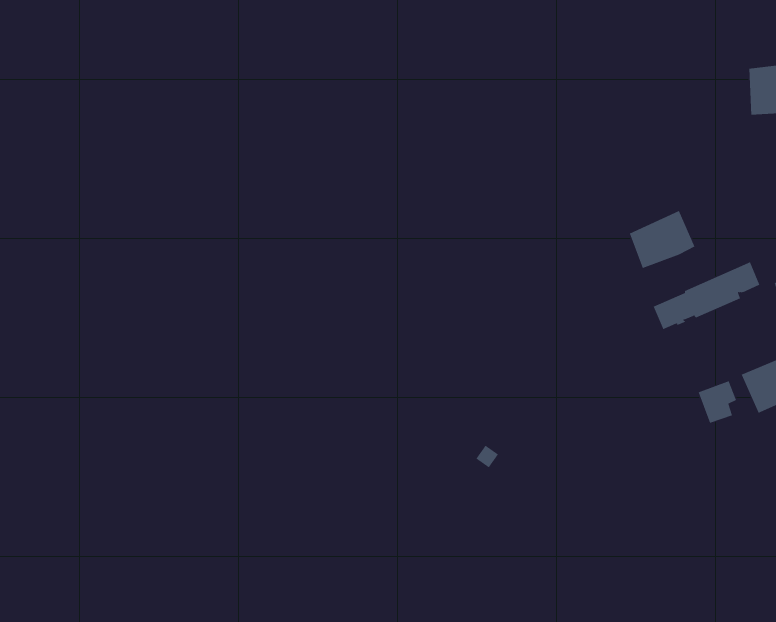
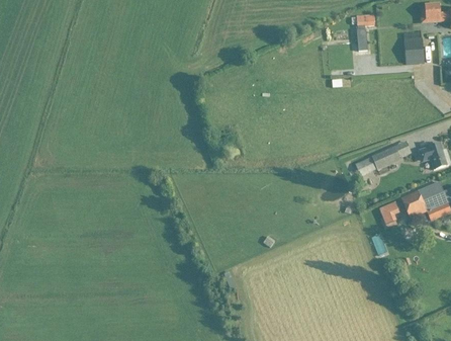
building: none -> [356,13,374,50]
building: [629,210,695,269] -> none

